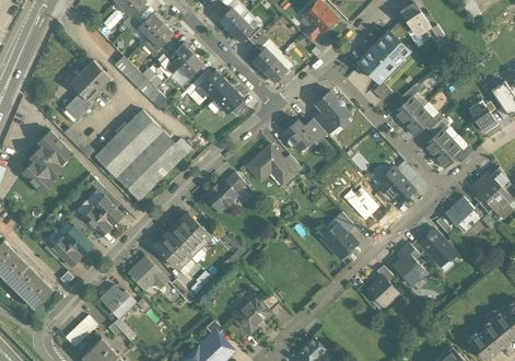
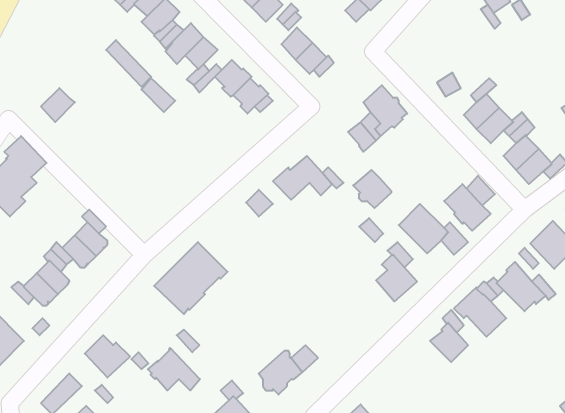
building: [356,30,409,82] -> none
building: [69,60,109,101] -> none
building: [95,110,185,200] -> none
building: [282,120,312,150] -> [353,170,391,208]
building: [204,179,236,210] -> none
building: [127,256,167,289] -> [148,348,200,390]

